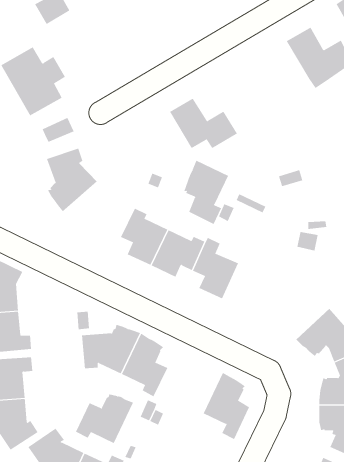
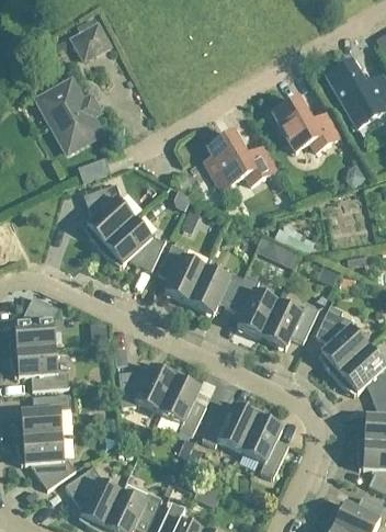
building: none -> [273,99,344,151]
building: [184,160,229,225] -> none
building: none -> [101,217,167,270]
building: none -> [262,299,320,348]
building: none -> [316,304,370,376]
building: [75,394,134,444] -> [203,400,262,451]

